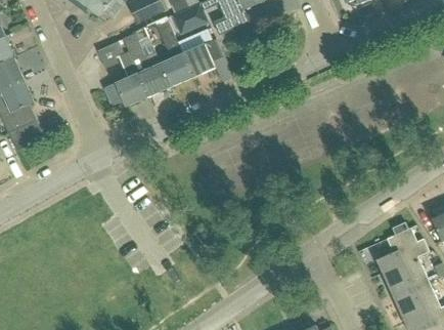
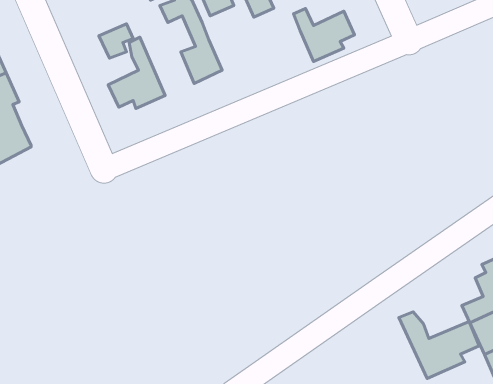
building: [122,27,170,96] -> none
building: [176,36,223,77] -> [294,8,355,61]
building: none -> [399,312,479,379]

